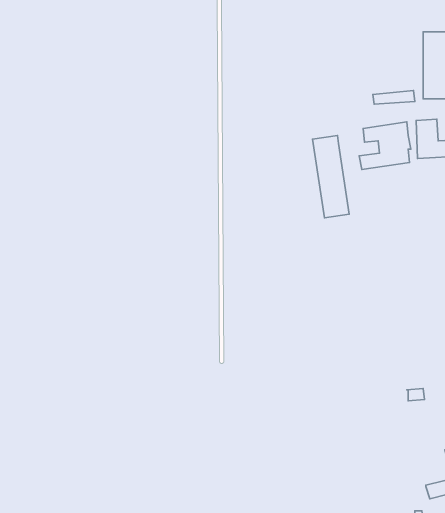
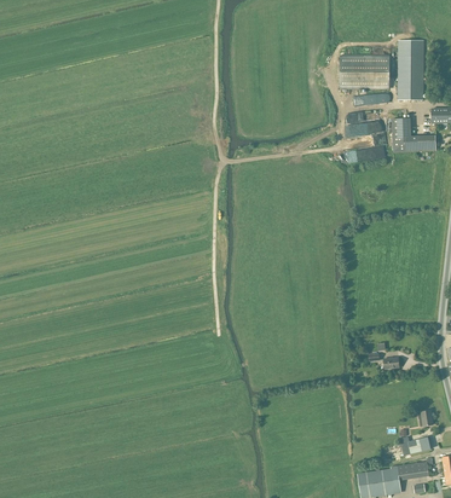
building: none -> [340,56,389,88]
building: [313,136,349,218] -> none

